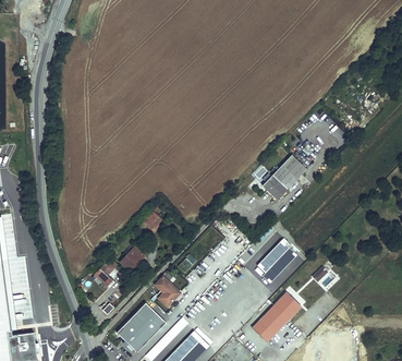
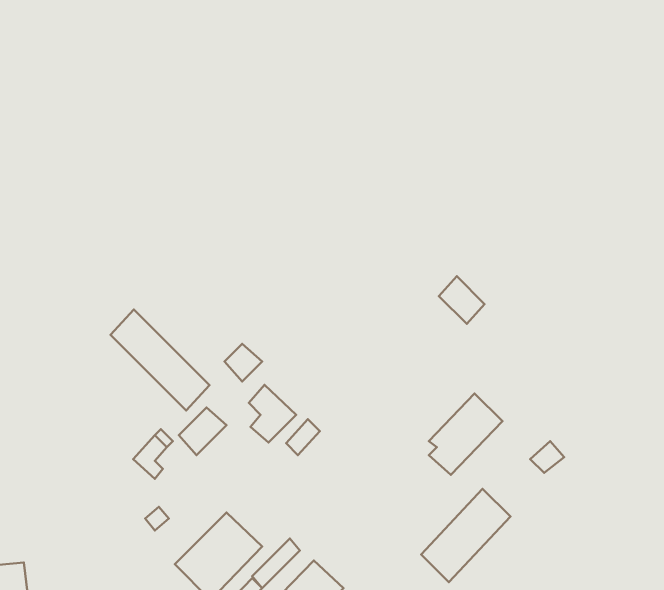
building: [272,155,307,190] -> none
building: none -> [110,310,209,411]
building: [155,276,181,308] -> [249,385,296,443]

